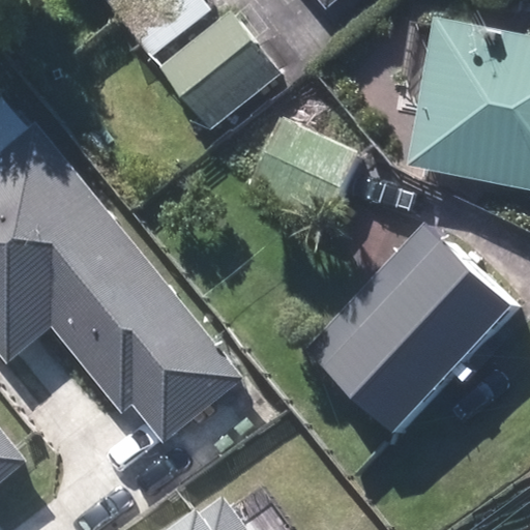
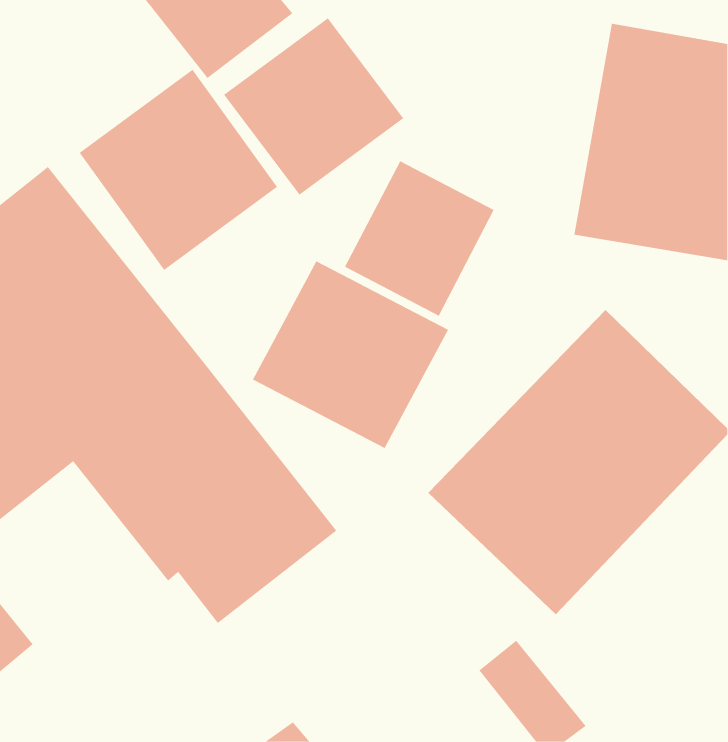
building: none -> [79,69,278,271]
building: none -> [252,261,449,449]

